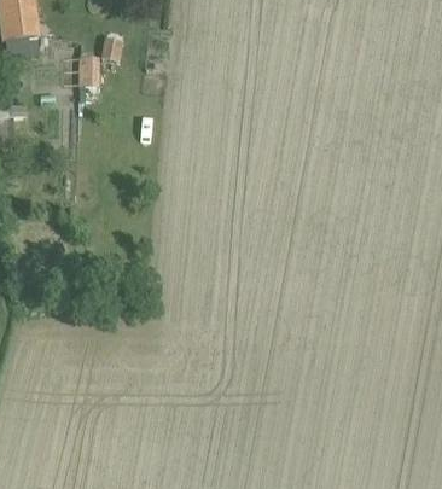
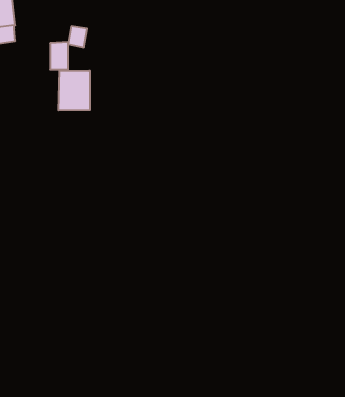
building: none -> [58,71,90,110]

